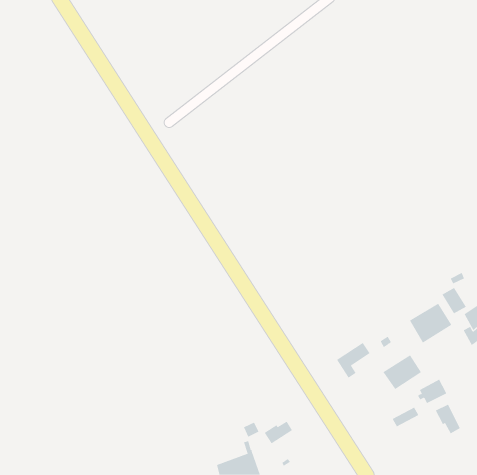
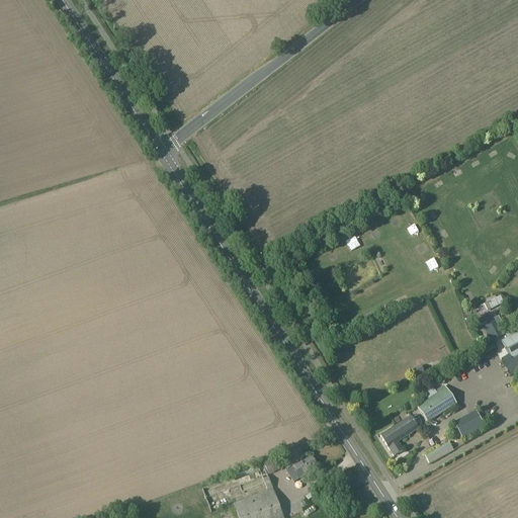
building: [409,303,452,343] -> none
building: [336,342,371,378] -> [381,415,419,454]
building: [435,404,461,434] -> none

